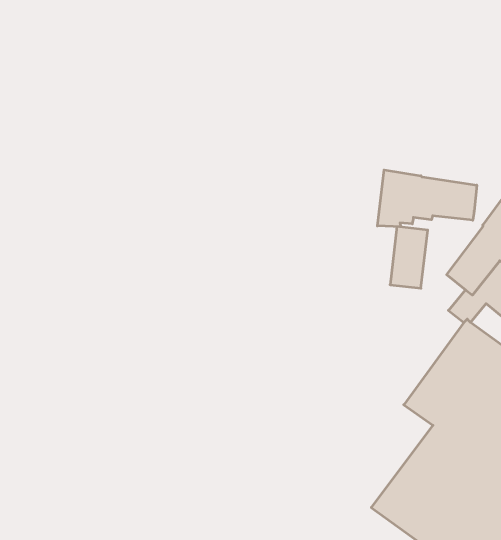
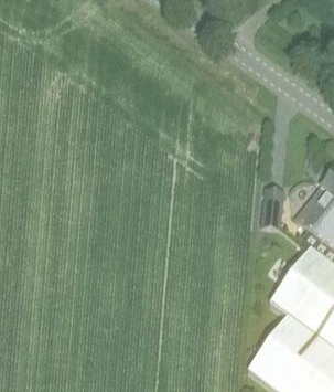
building: [377,170,477,227] -> none

